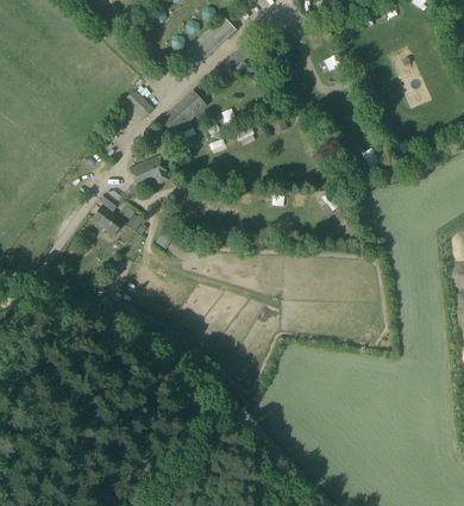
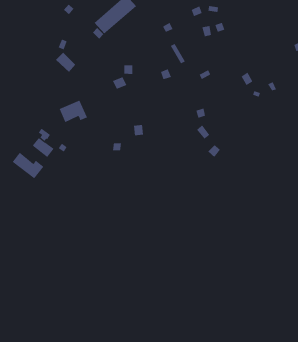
building: [158,90,206,136] -> none
building: none -> [12,152,44,179]

